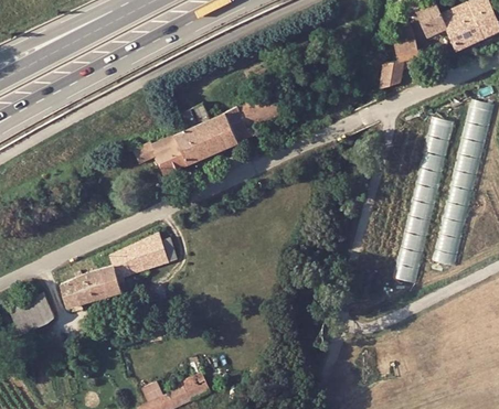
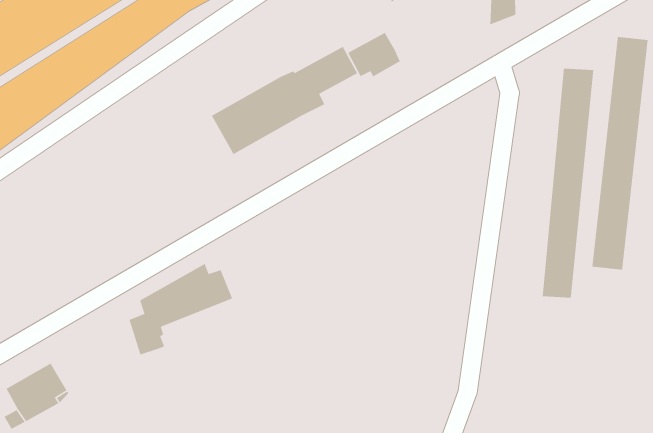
building: none -> [347,32,401,77]
building: [131,132,187,172] -> none
building: [60,272,106,310] -> none

